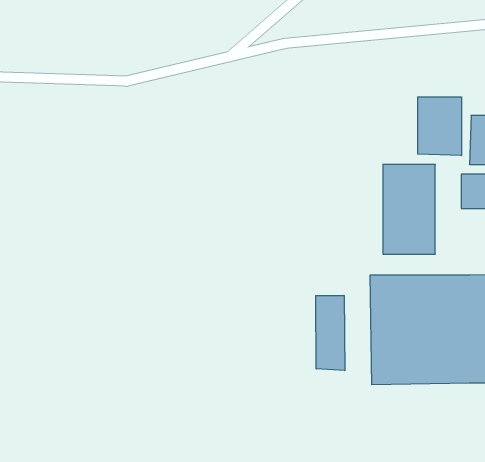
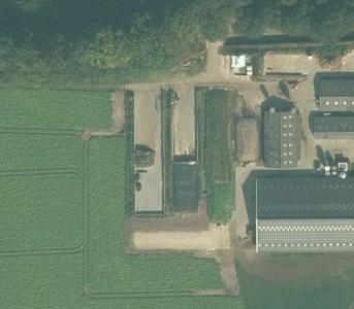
building: [418,97,461,156] -> none
building: [316,295,345,371] -> none

